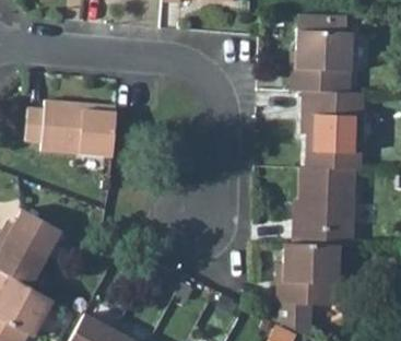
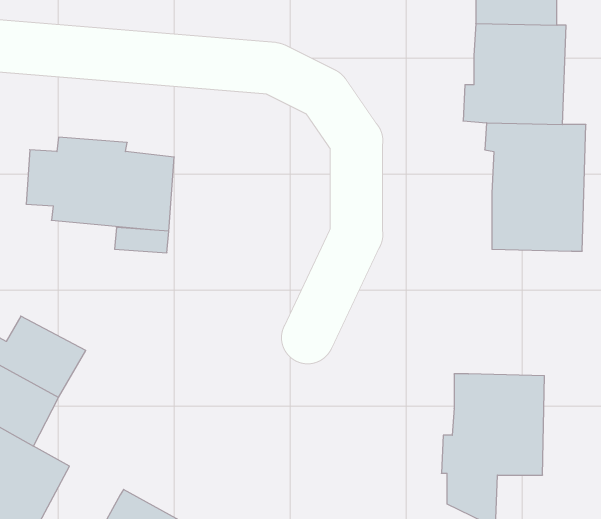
building: [293,167,355,246] -> none

